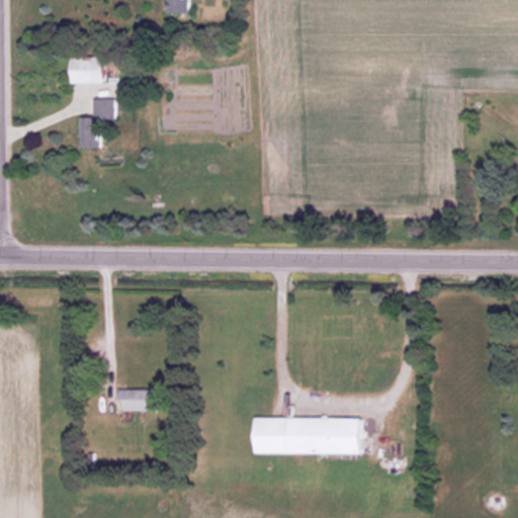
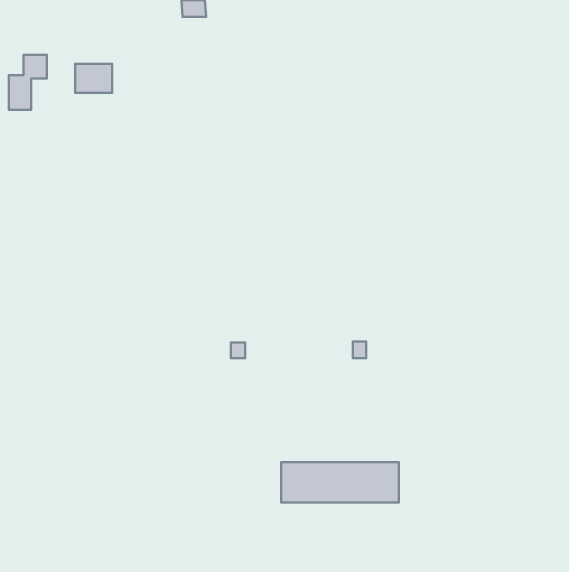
building: [78,98,112,148] -> [9,55,47,110]
building: [117,388,153,410] -> none

